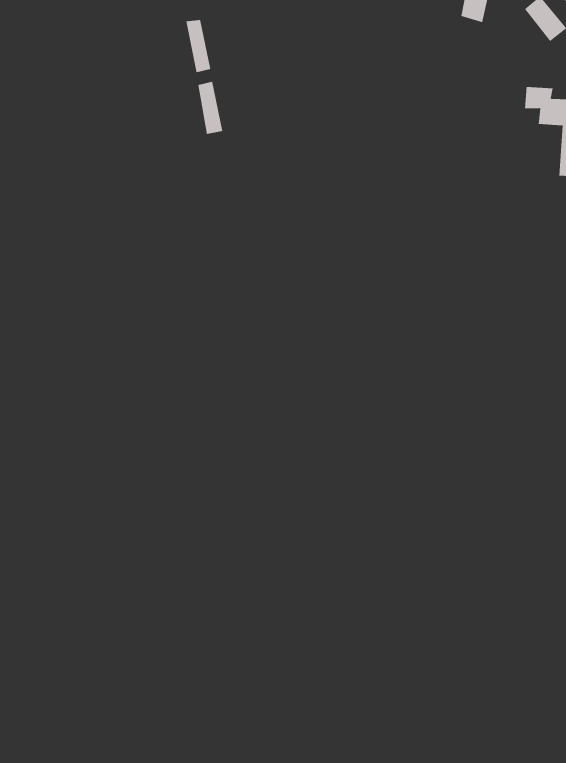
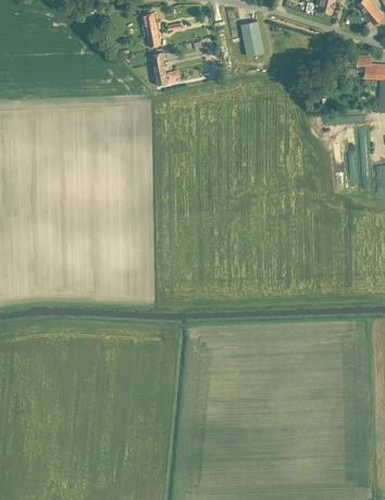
building: none -> [245,22,268,57]

